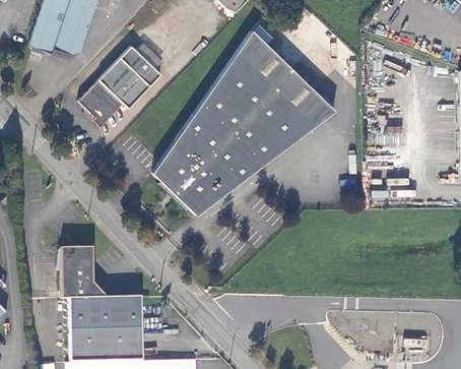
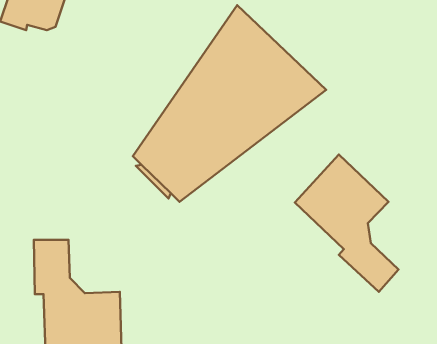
building: [79,46,161,128] -> none
building: none -> [295,154,398,292]

